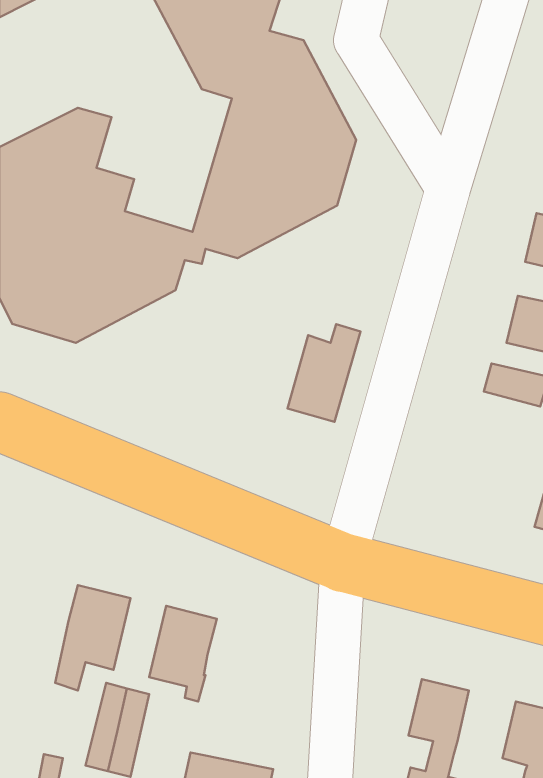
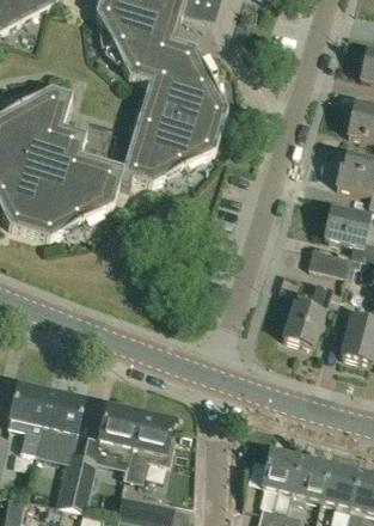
building: [287,324,361,422] -> [284,286,331,348]
building: none -> [7,384,50,454]
building: none -> [124,414,173,483]
building: none -> [289,459,329,503]

